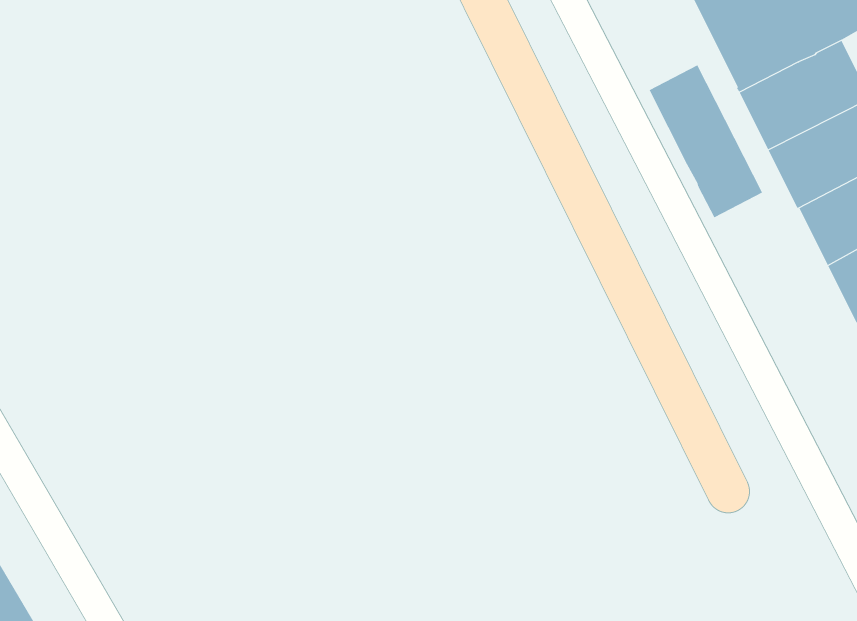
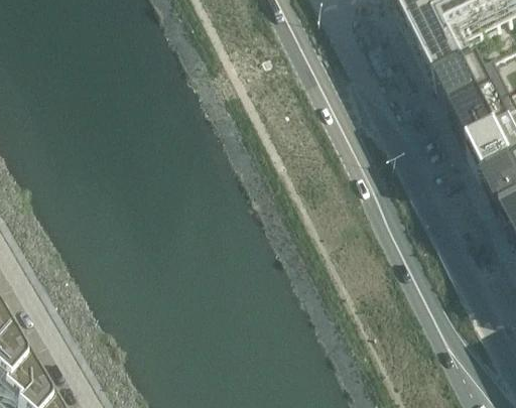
building: [649,65,763,218] -> none

